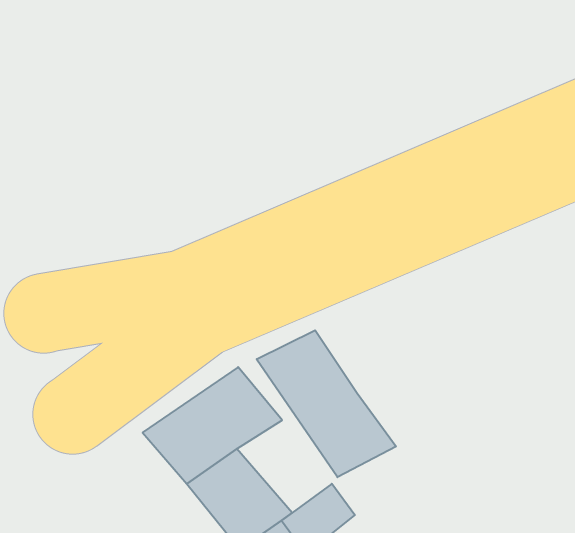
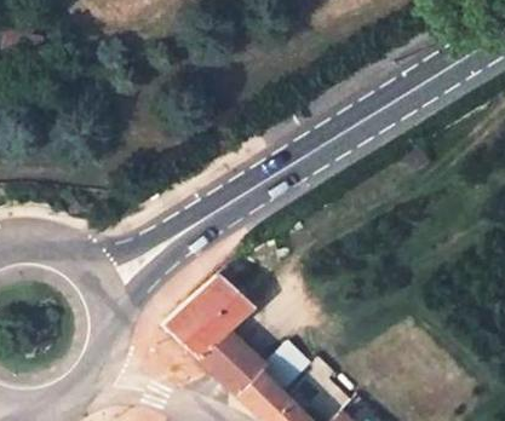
building: [257,330,396,477] -> none

